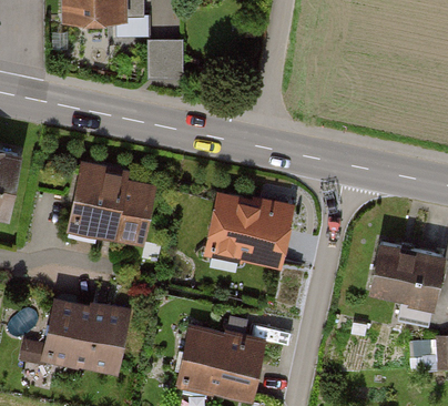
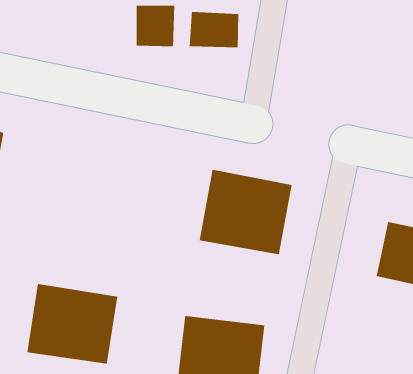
building: none -> [189,11,239,48]
building: [70,168,155,247] -> none

